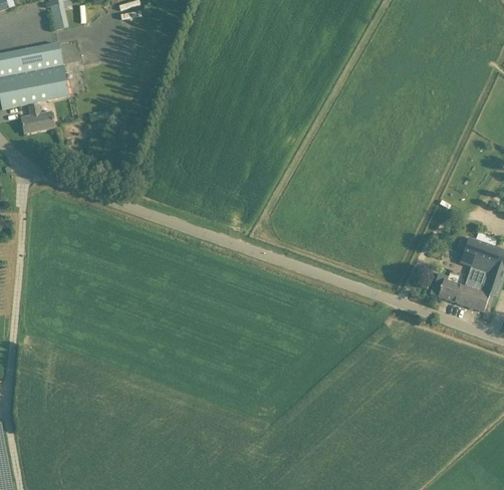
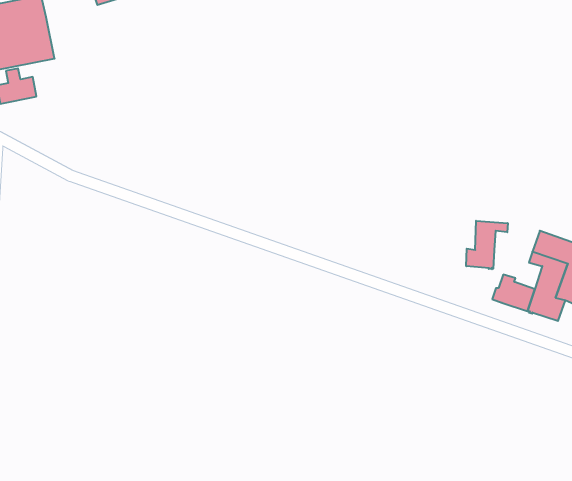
building: none -> [466,221,508,269]

